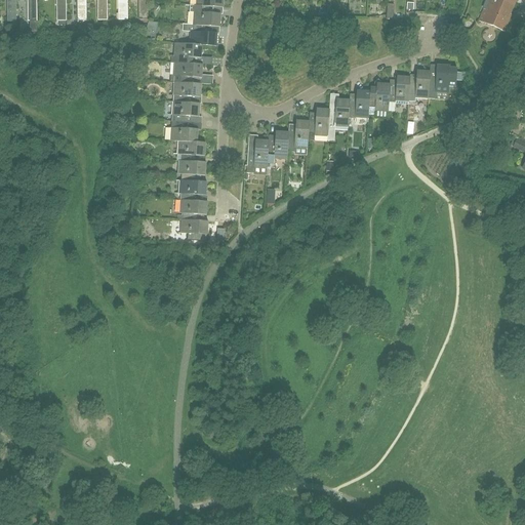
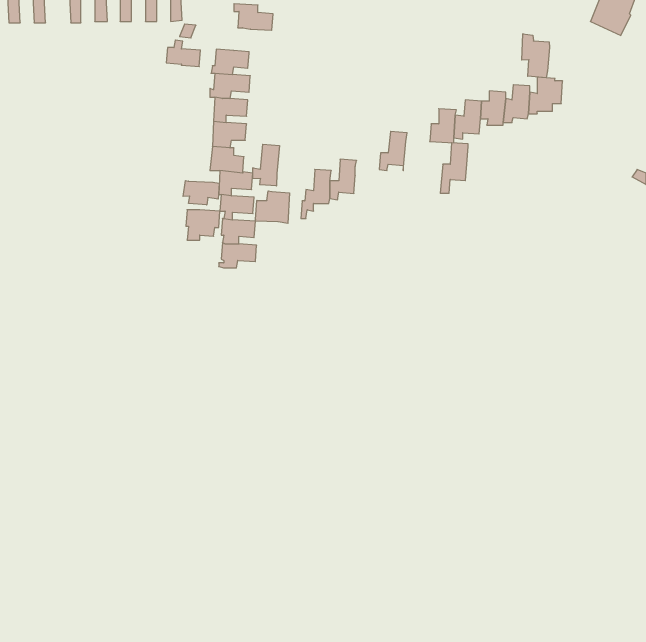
building: [190,23,217,44] -> [166,40,200,67]
building: none -> [522,34,550,78]
building: [327,97,350,138] -> [440,143,468,193]
building: none -> [253,144,279,186]
building: [288,119,309,147] -> none
building: none -> [183,181,219,205]
building: none -> [255,191,289,223]
building: [180,217,208,242] -> [186,210,220,240]

